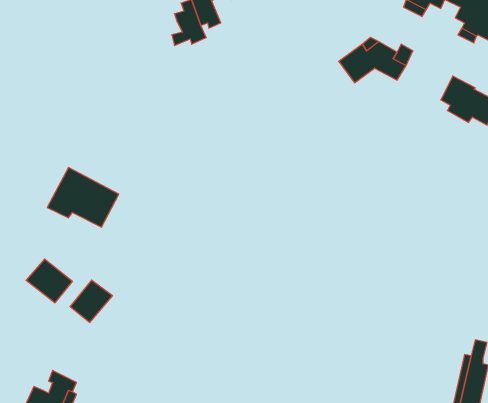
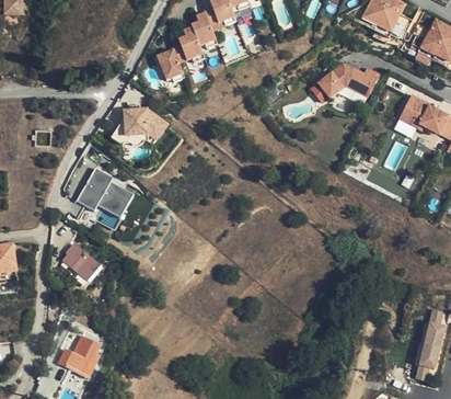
building: none -> [160,46,187,84]
building: none -> [122,106,164,136]
building: [70,280,112,322] -> none

